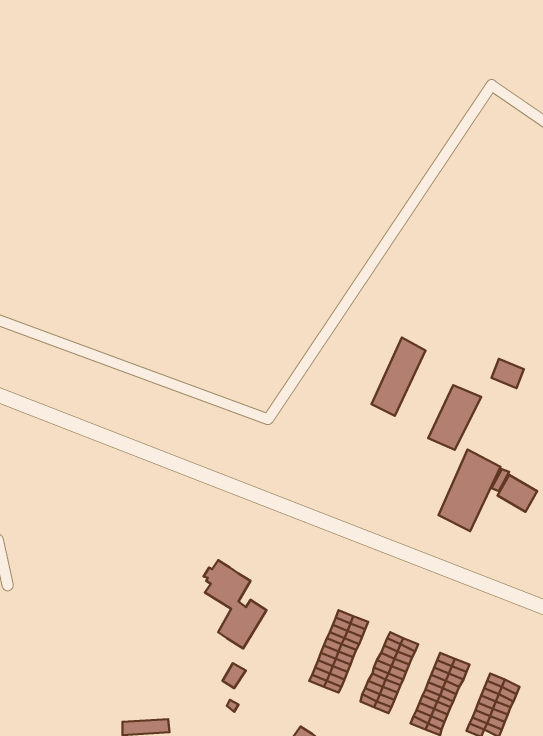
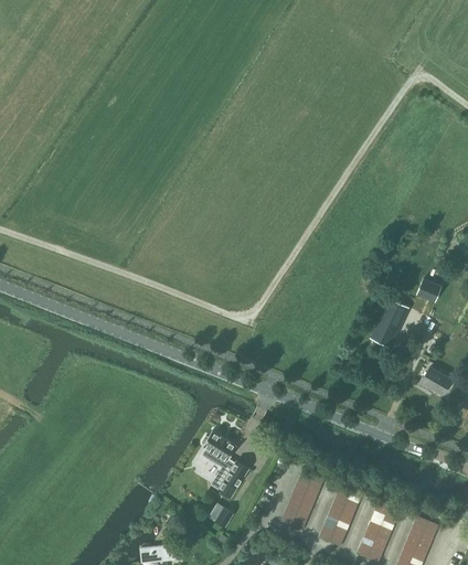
building: [372,338,426,416] -> none
building: [438,450,500,531] -> none

